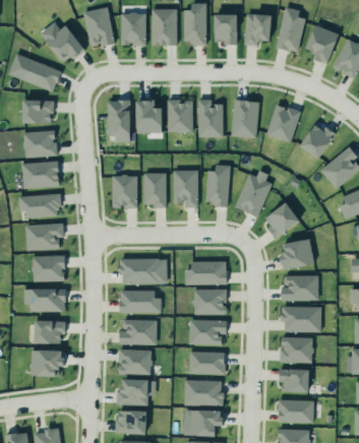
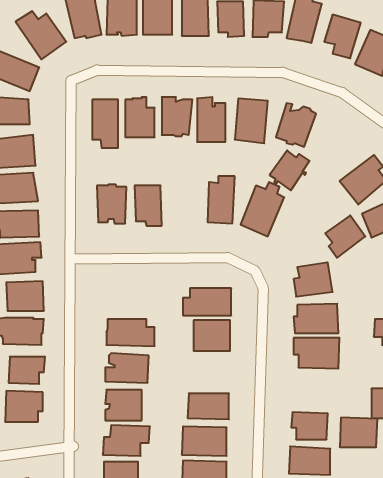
building: [299,123,334,157] -> [270,150,310,190]
building: [173,171,198,208] -> none
building: [265,203,300,240] -> [325,215,365,258]
building: [120,259,168,284] -> none
building: [189,320,227,345] -> none
building: [281,337,313,363] -> [340,418,377,447]

